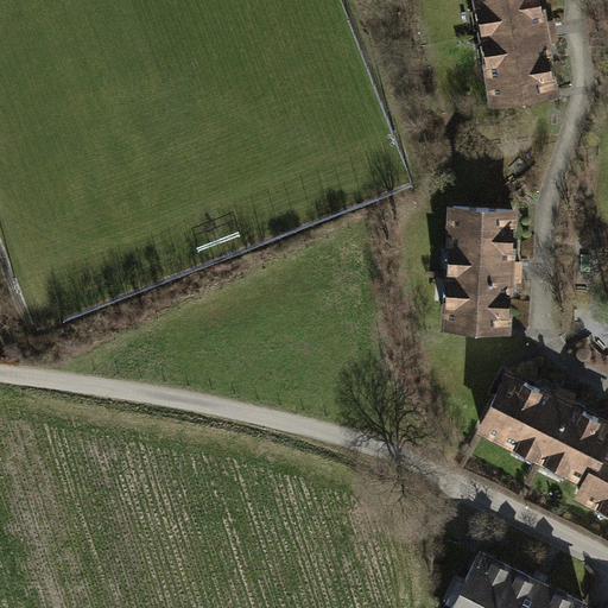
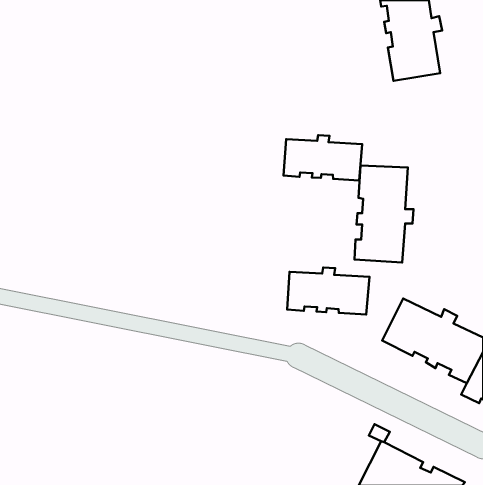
building: none -> [284,135,362,180]
building: none -> [287,268,369,315]

